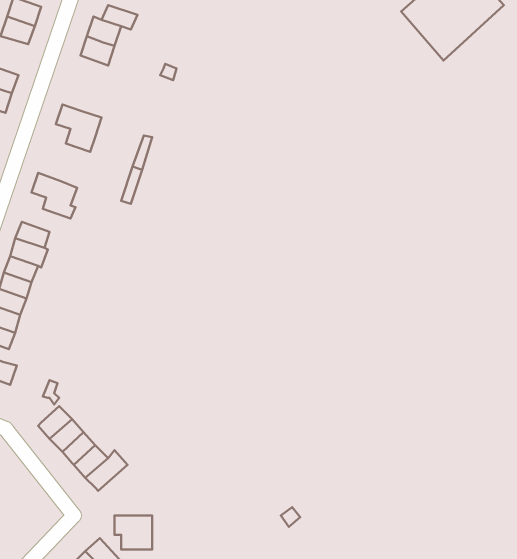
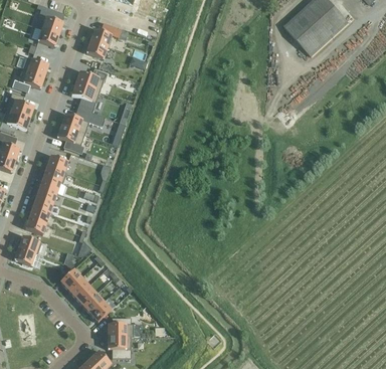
building: none -> [75,69,107,91]
building: none -> [60,108,105,135]
building: none -> [108,317,133,337]

